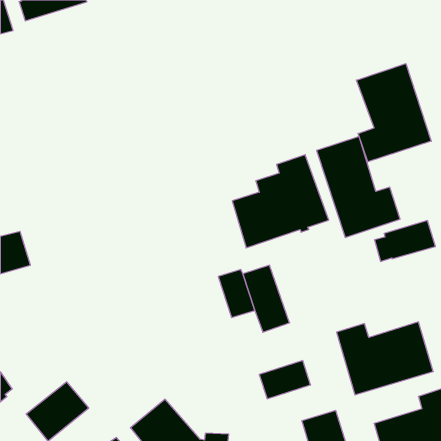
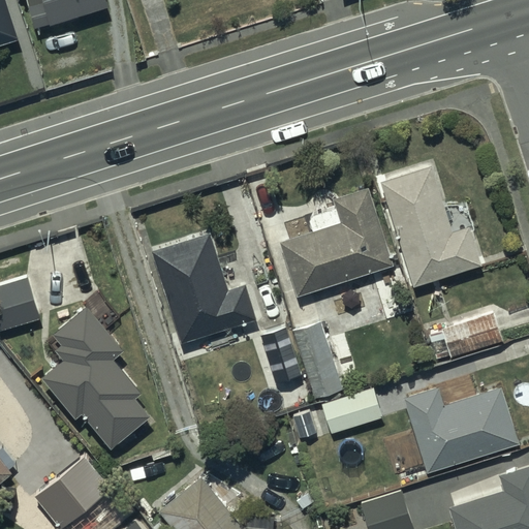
building: [356,64,431,162] -> none
building: none -> [151,232,256,344]
building: [375,221,435,261] -> [430,313,502,362]
building: none -> [39,304,149,447]
building: [259,361,311,399] -> [322,388,383,434]

